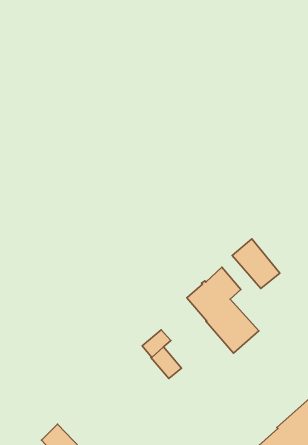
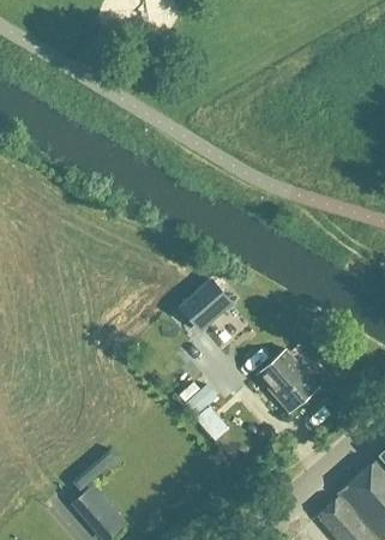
building: none -> [181,281,230,330]
building: [232,239,280,289] -> none

